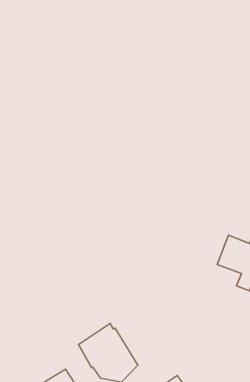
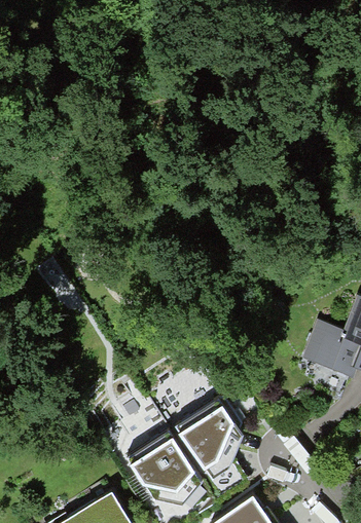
building: none -> [176,399,245,481]

